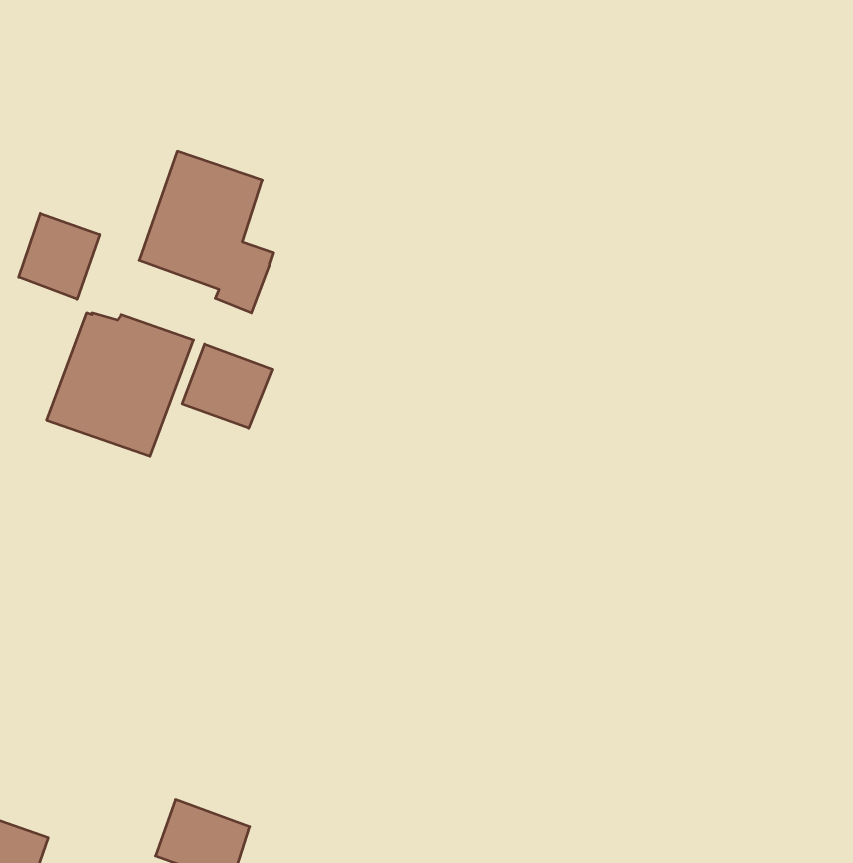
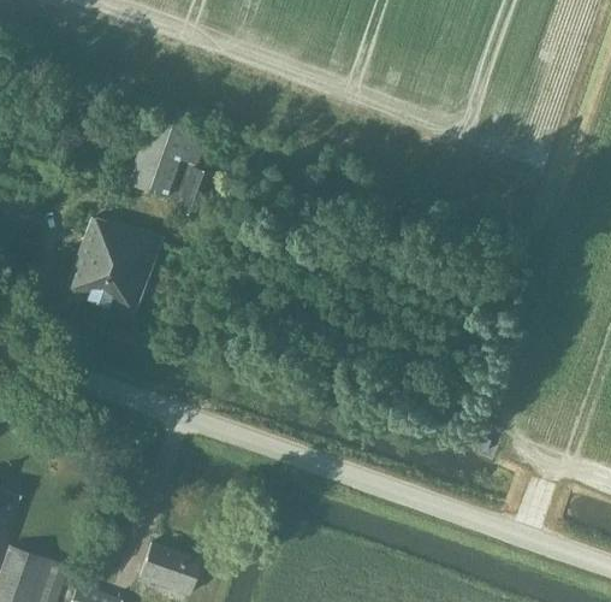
building: [19,213,100,299] -> none
building: [182,344,272,428] -> none

